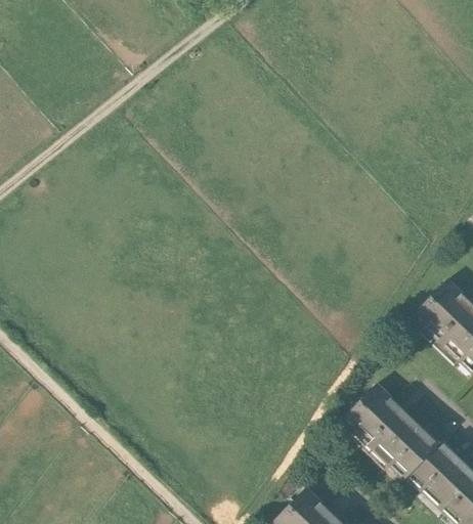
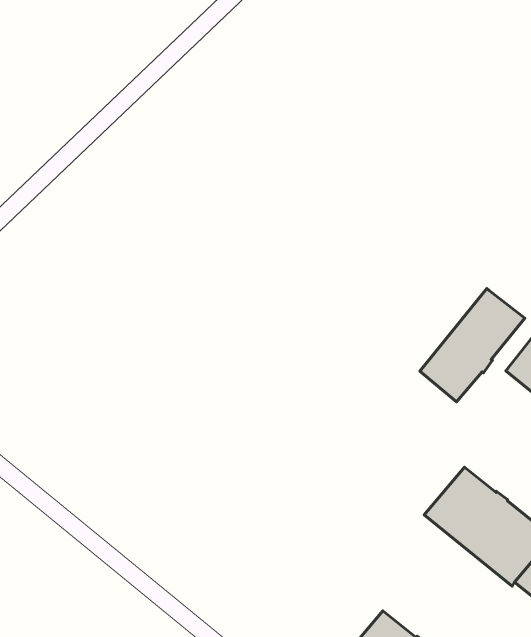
building: none -> [420,289,525,402]

